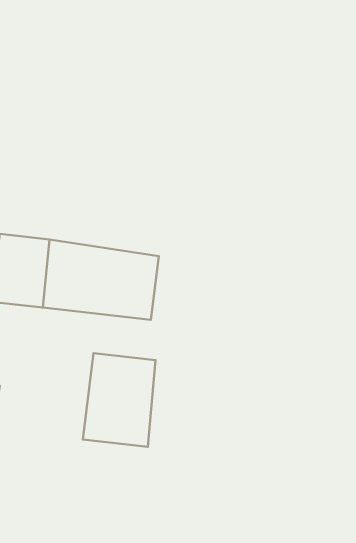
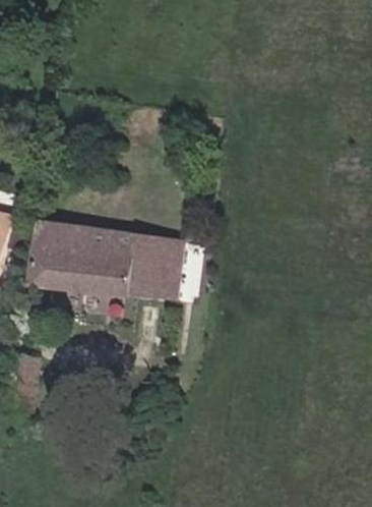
building: [83,353,156,447] -> none

